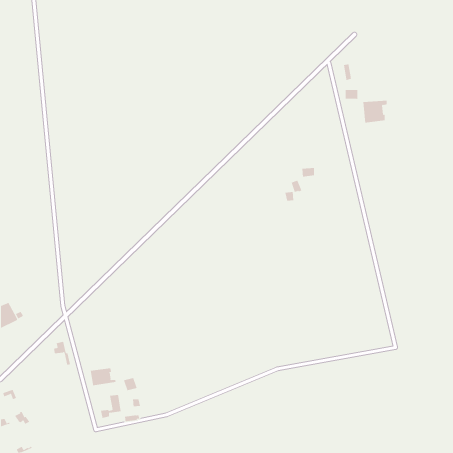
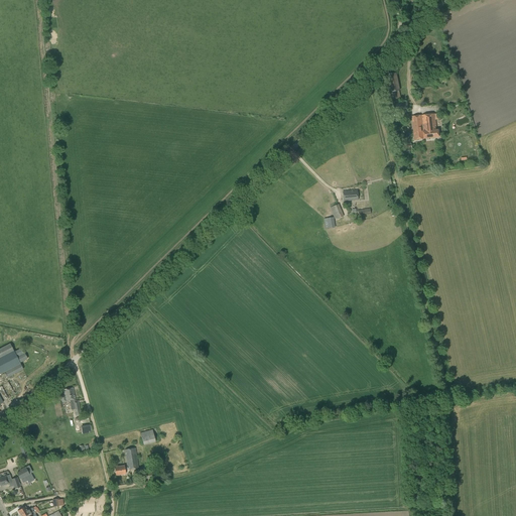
building: [90,368,116,386] -> none

